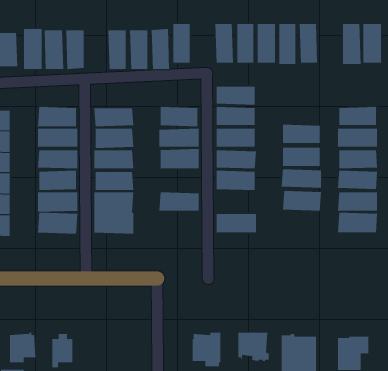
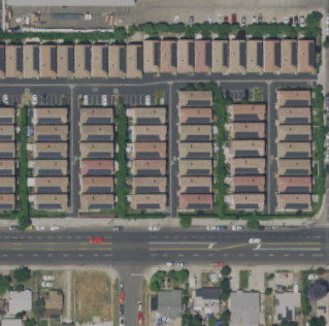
building: none -> [159,39,174,71]
building: none -> [262,39,277,71]
building: none -> [73,44,89,77]
building: none -> [276,90,307,105]
building: none -> [230,103,263,120]
building: none -> [132,158,163,174]
building: none -> [177,175,209,192]
building: none -> [230,192,262,209]
building: none -> [131,193,164,208]

